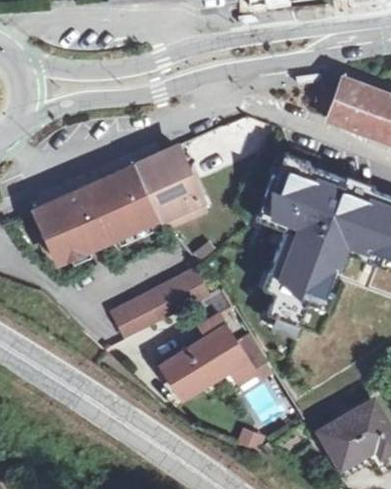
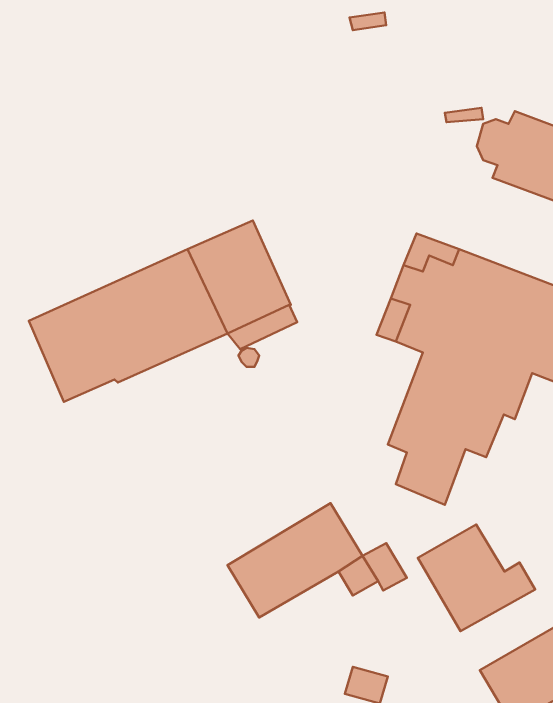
building: [113,271,209,340] -> none
building: none -> [418,525,535,631]

